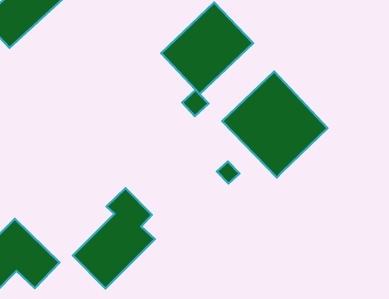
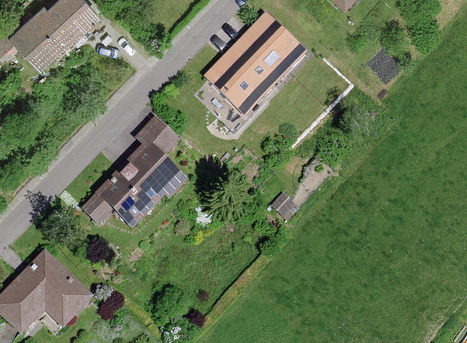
building: [222,72,328,178] -> none
building: [73,188,155,288] -> [97,118,187,228]

